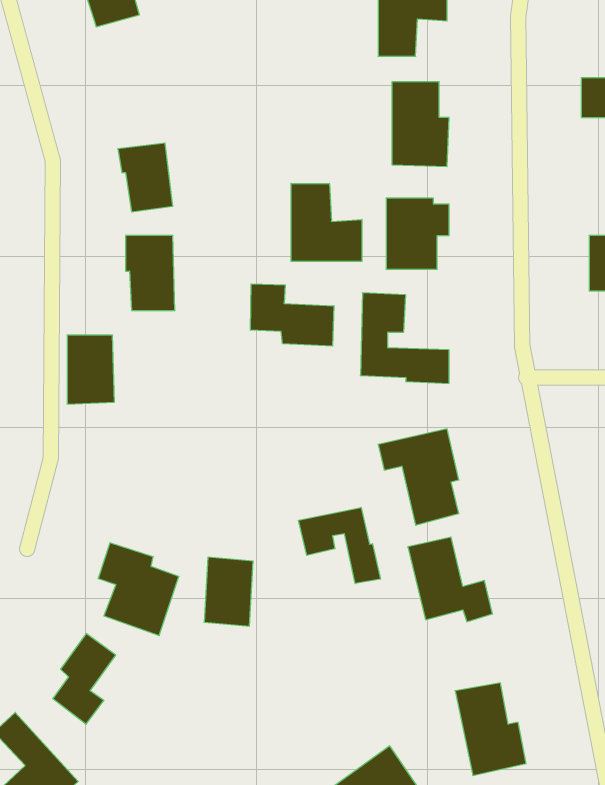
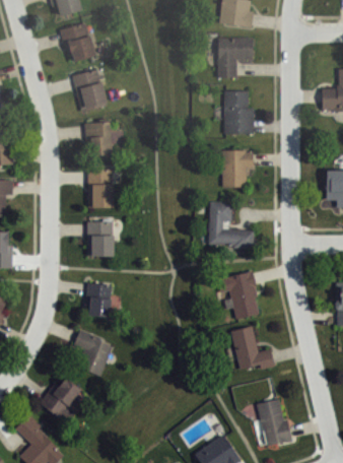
building: none -> [72,69,107,113]
building: [291,183,362,261] -> none
building: [250,284,334,346] -> none
building: [67,335,114,404] -> [88,223,113,259]
building: [299,507,381,584] -> none
building: [204,557,253,626] -> [87,284,113,320]

